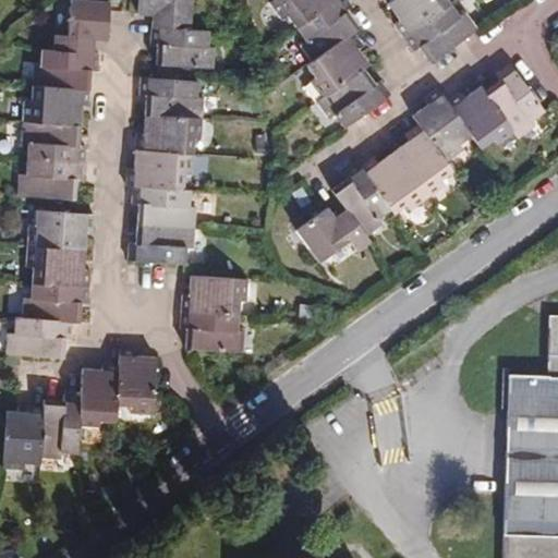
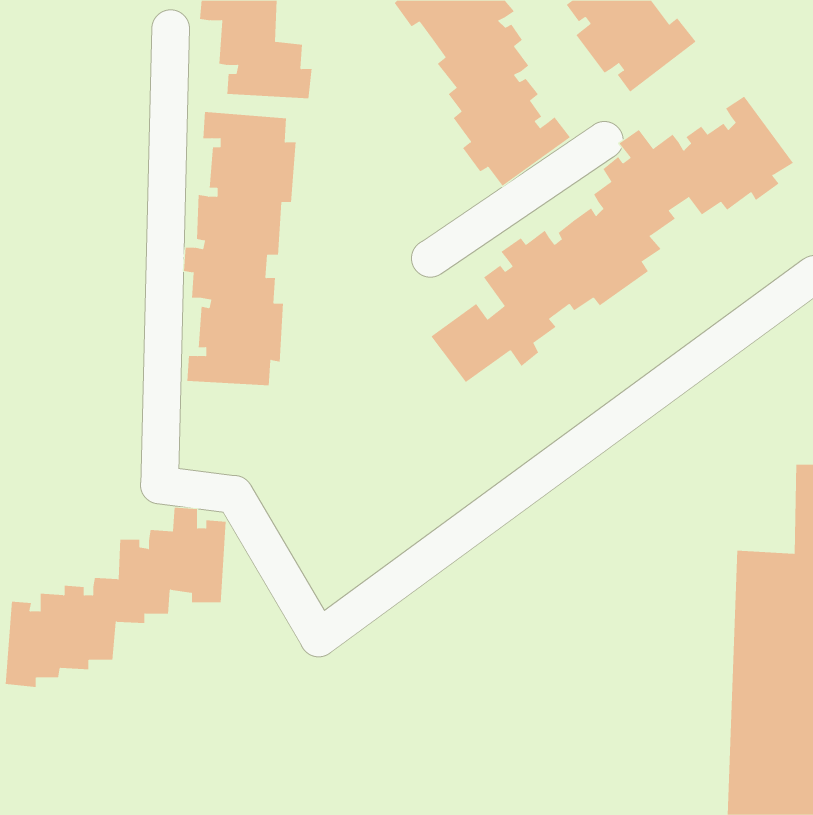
building: [17,9,109,198] -> none
building: [8,209,94,357] -> none
building: [181,276,248,352] -> none

